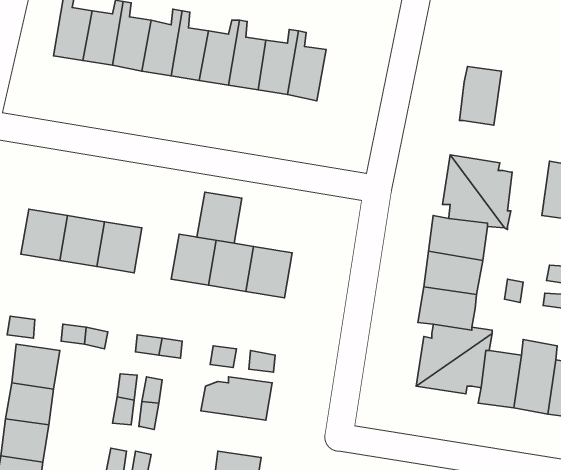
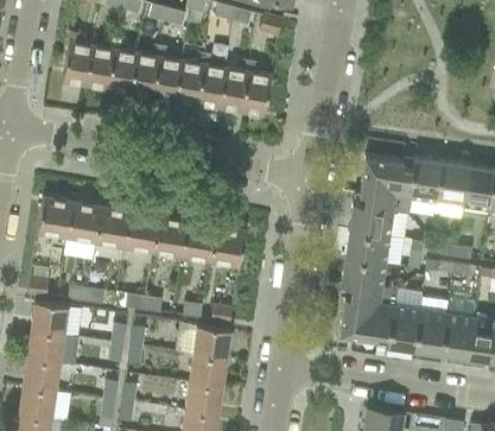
building: [460,66,501,125] -> [411,157,443,202]
building: [197,192,242,243] -> [125,211,159,251]
building: none -> [189,354,226,387]

